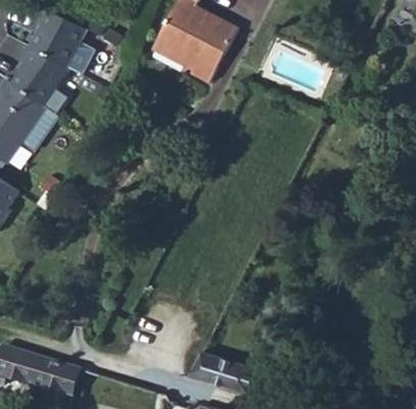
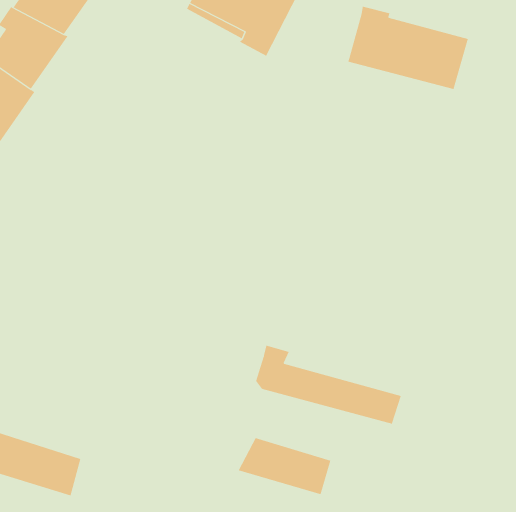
building: none -> [348,6,469,90]
building: none -> [256,345,401,425]

